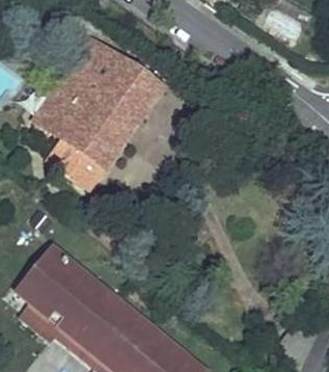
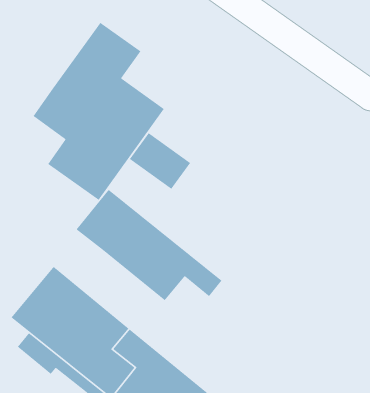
building: [110,64,163,113] -> [129,132,191,190]
building: none -> [76,189,222,301]

